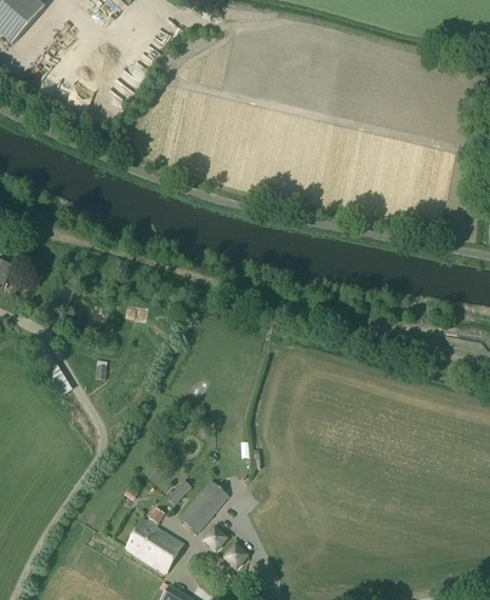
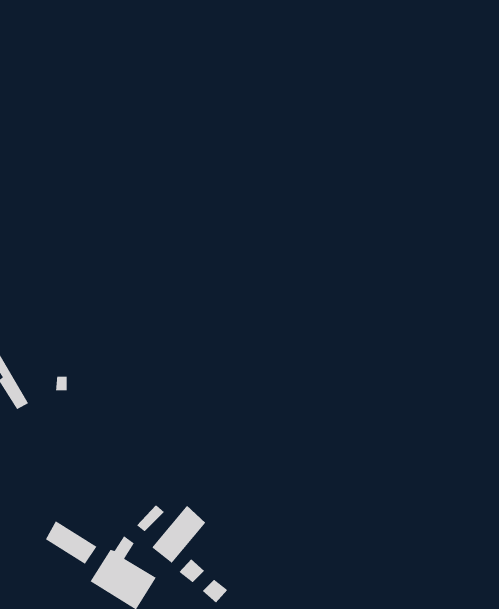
building: none -> [45,520,97,565]

